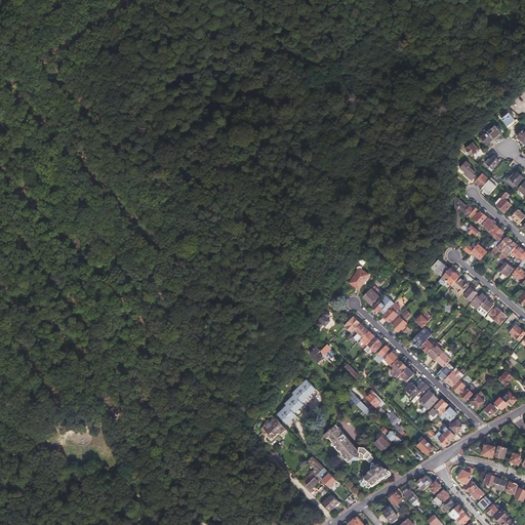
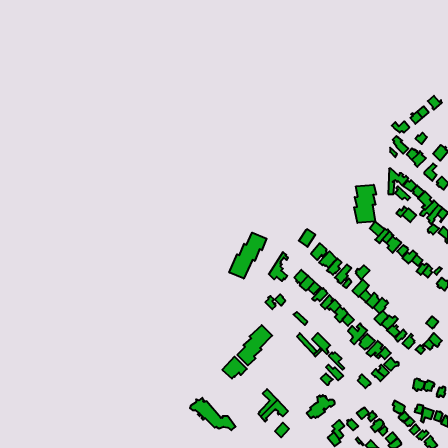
building: none -> [354,185,376,223]
building: none -> [229,233,267,279]
building: [322,425,375,462] -> [190,398,236,430]

